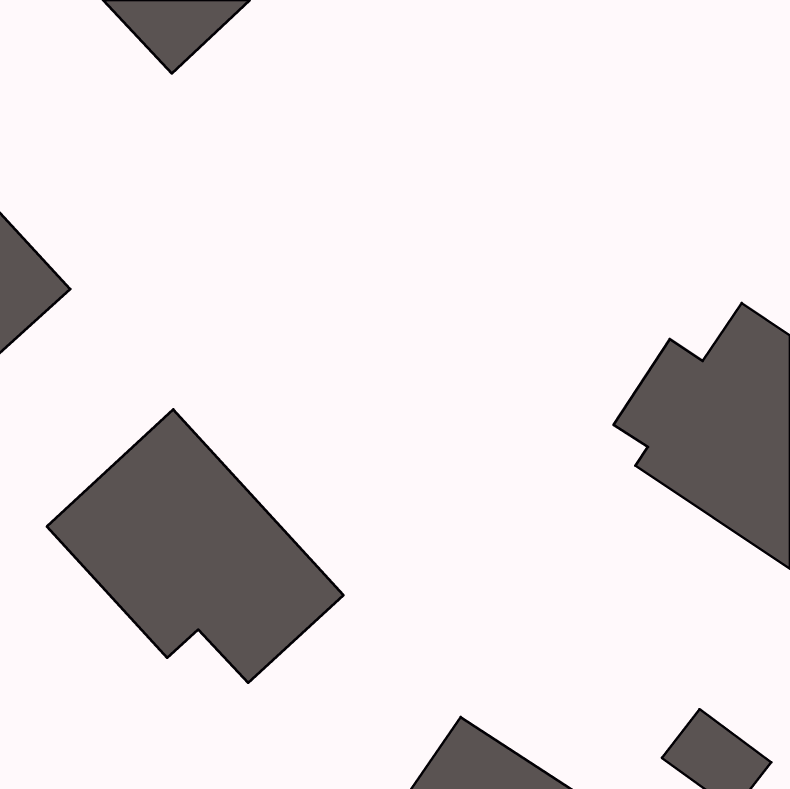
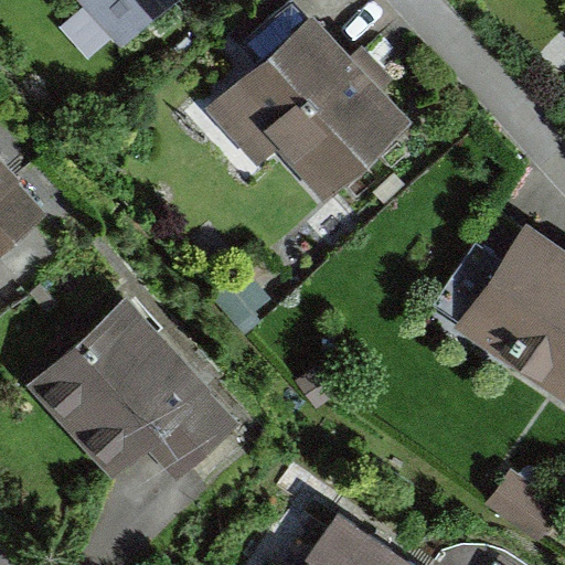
building: none -> [216,18,416,202]

